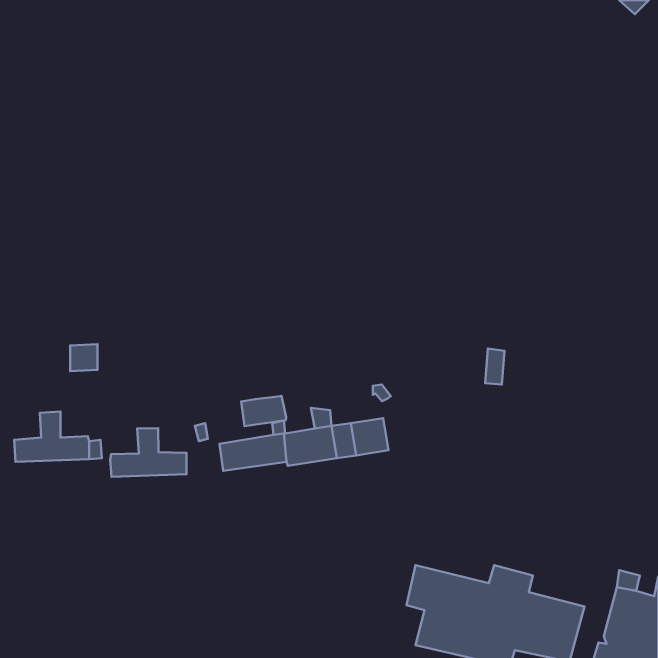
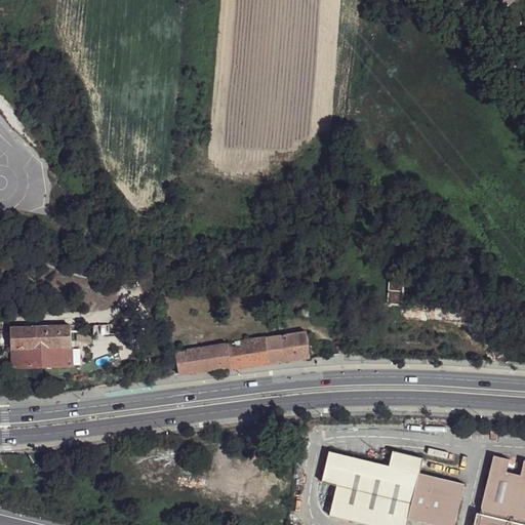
building: [70,344,97,371] -> [48,327,70,349]
building: [241,396,286,426] -> none
building: none -> [10,329,33,351]
building: [110,428,187,477] -> none

